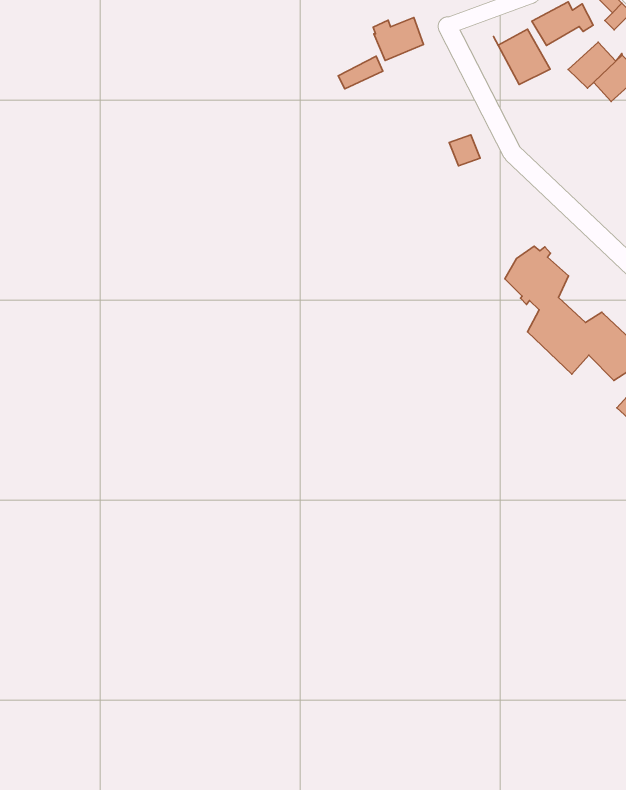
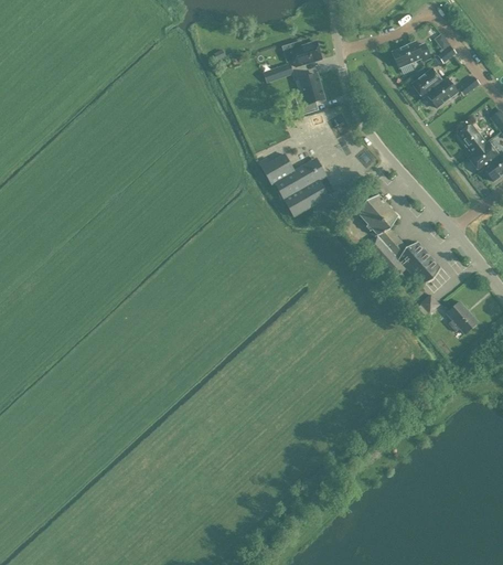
building: [494,29,550,85] -> none
building: none -> [299,73,324,104]
building: none -> [258,153,329,216]

